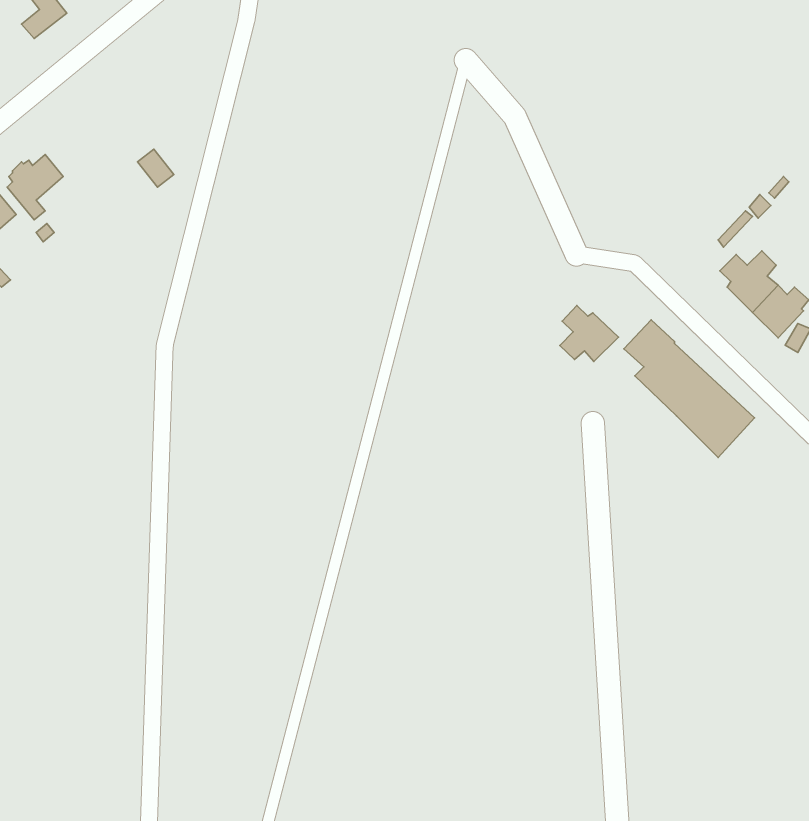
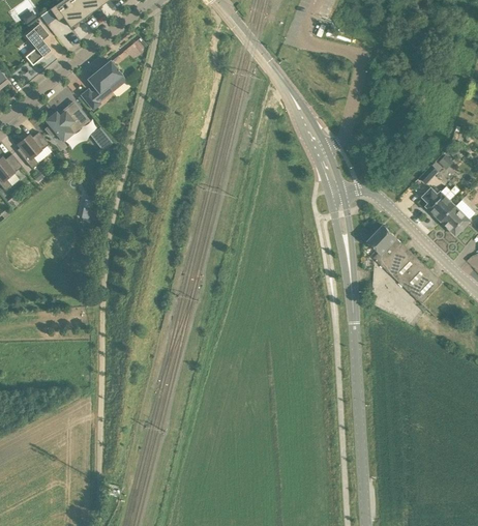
building: none -> [80,60,121,109]
building: none -> [44,108,87,138]
building: [560,306,619,361] -> none

